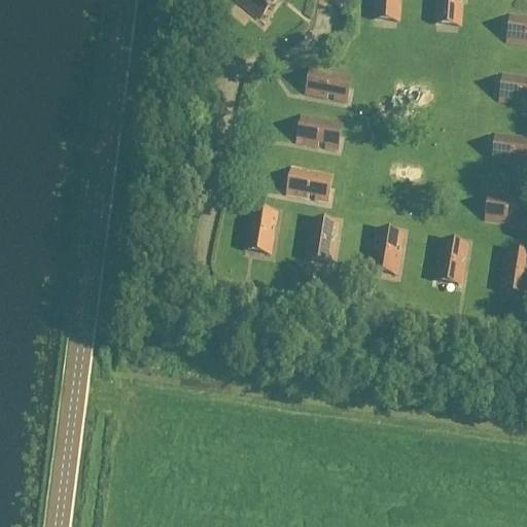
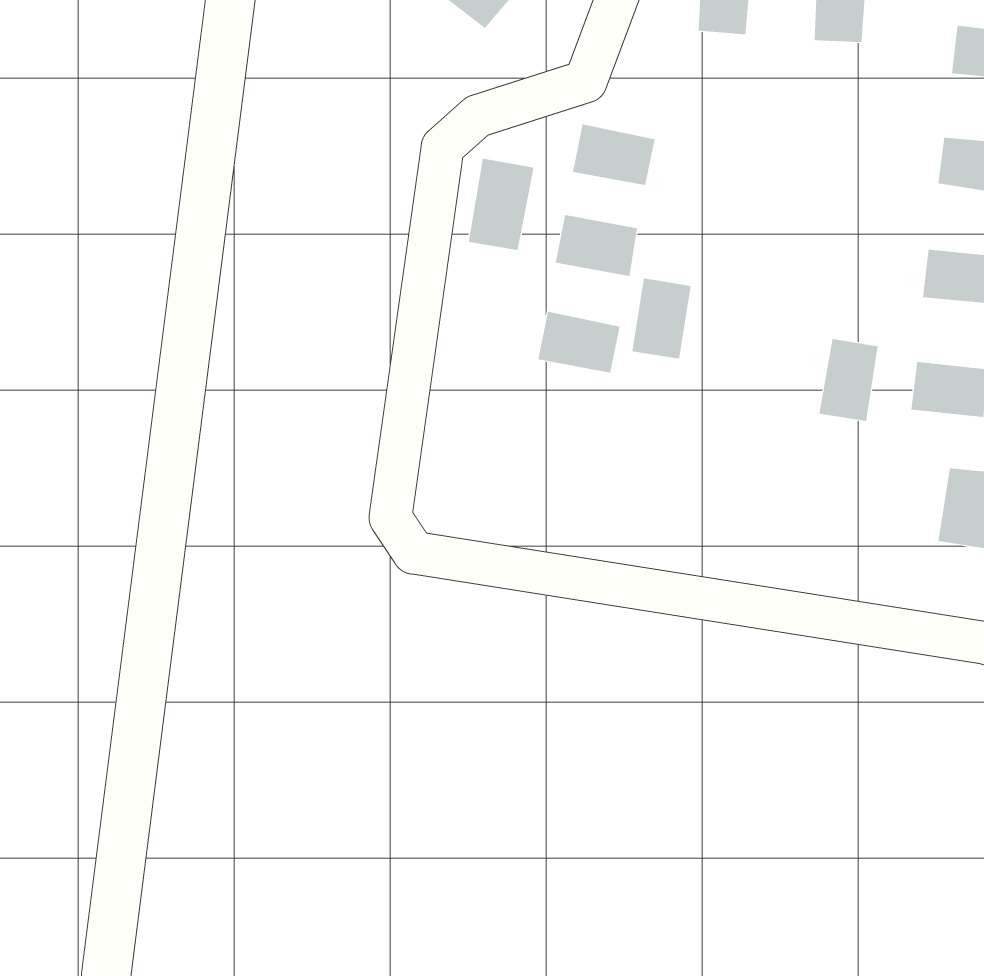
building: none -> [468,158,534,251]
building: [245,207,277,251] -> none
building: [306,217,338,260] -> [632,278,691,359]
building: [372,227,402,271] -> none
building: [435,238,467,282] -> [818,338,878,422]

